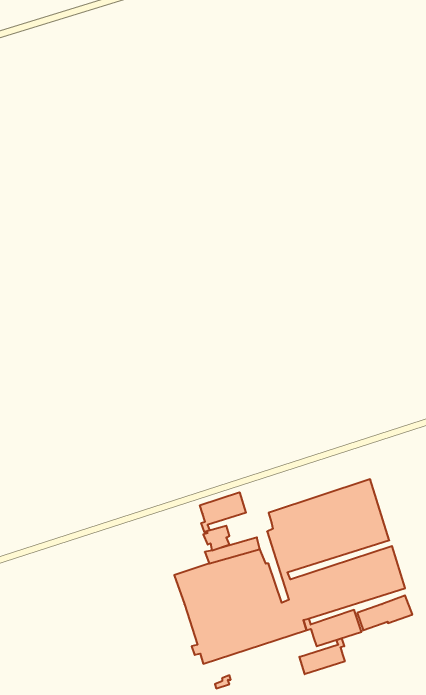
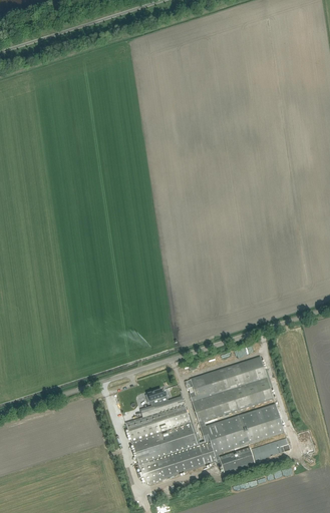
building: [200,492,246,532] -> none
building: [299,638,345,674] -> none

